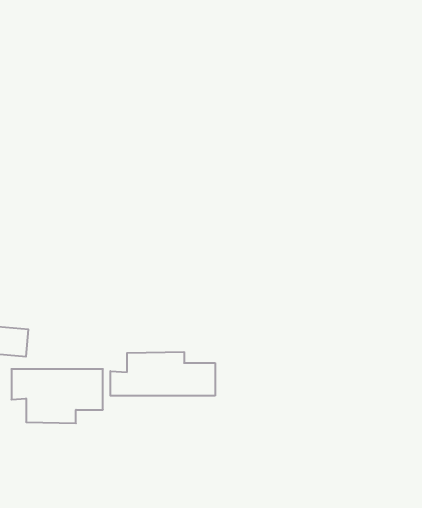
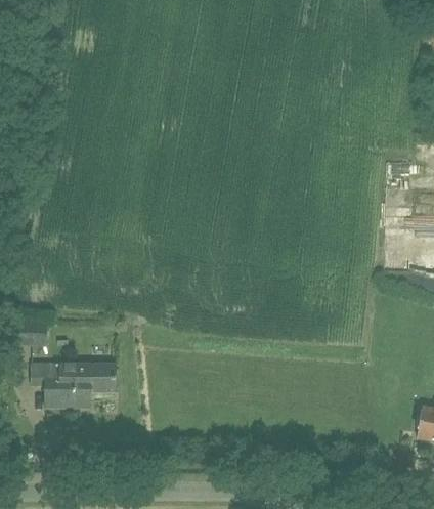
building: [110,352,215,396] -> none

